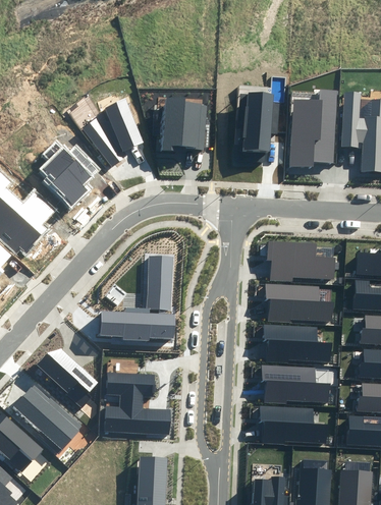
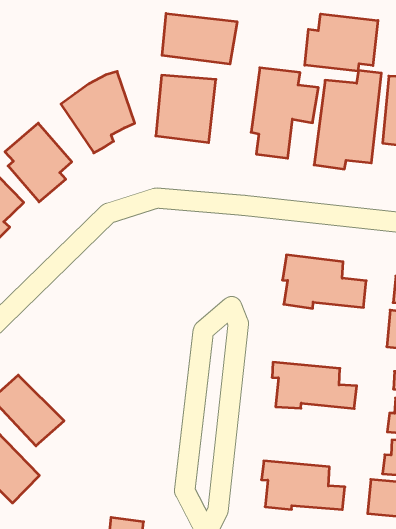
building: none -> [305,14,378,71]
building: none -> [162,13,237,64]
building: [100,256,176,340] -> none
building: [265,282,333,322] -> none
building: [262,364,330,403] -> none
building: [105,372,170,434] -> none

